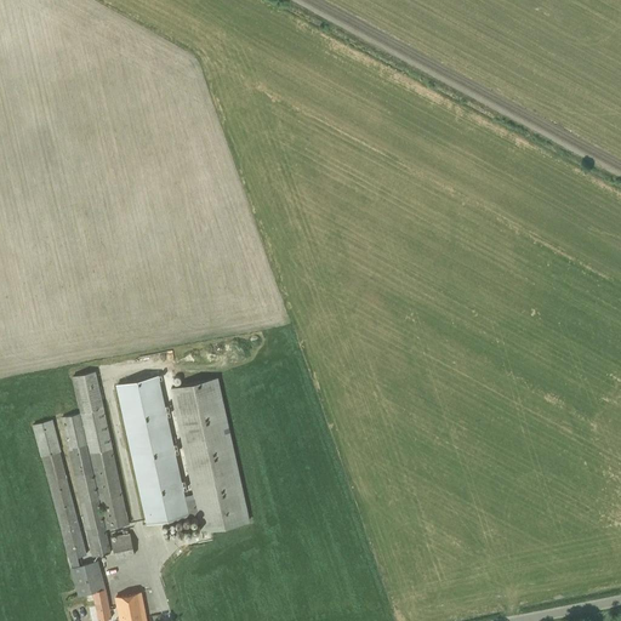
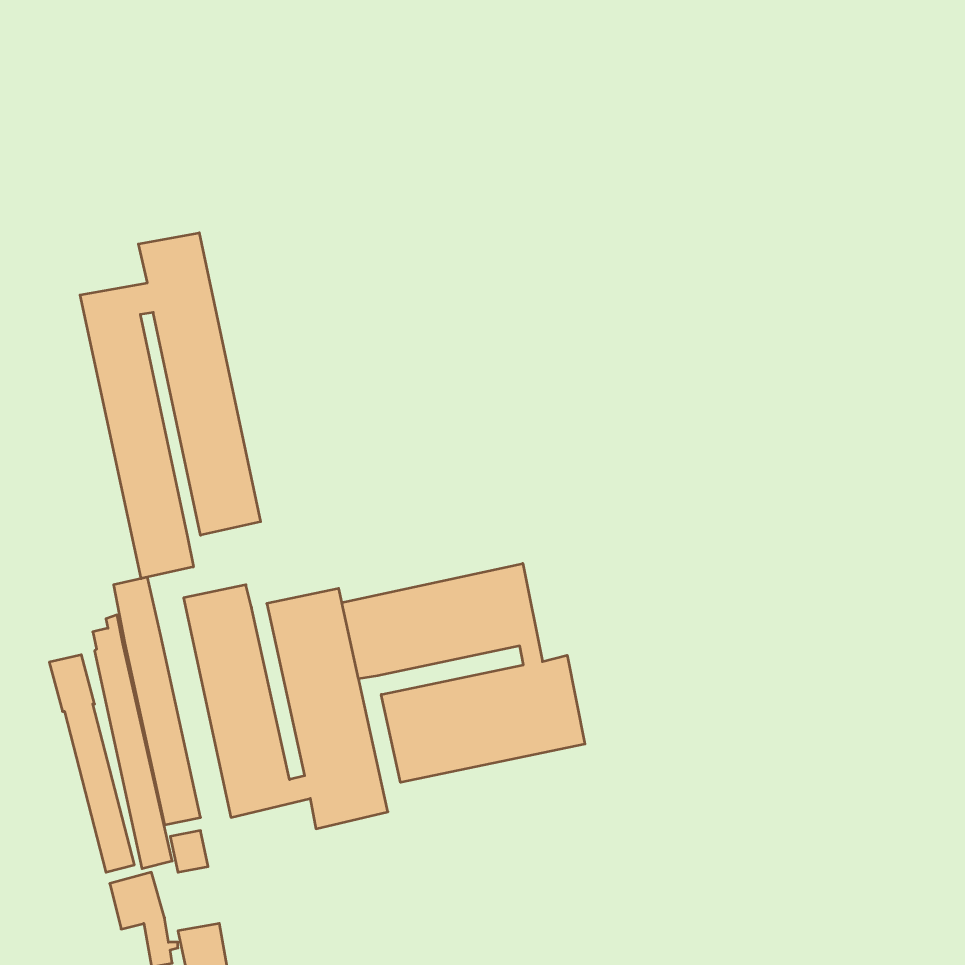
building: none -> [80,233,261,579]
building: none -> [342,563,585,782]

